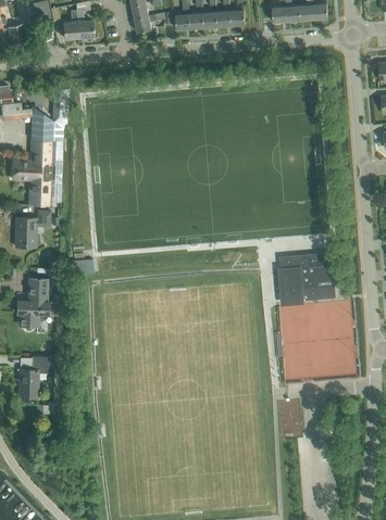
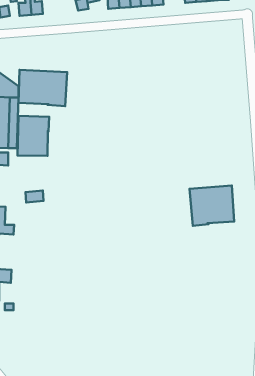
building: none -> [18,70,67,106]
building: none -> [18,116,49,156]

